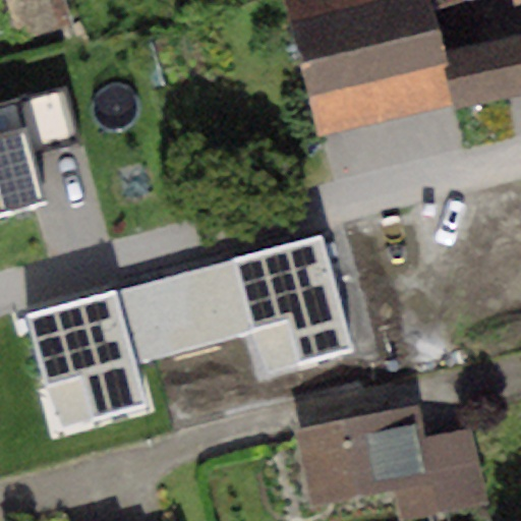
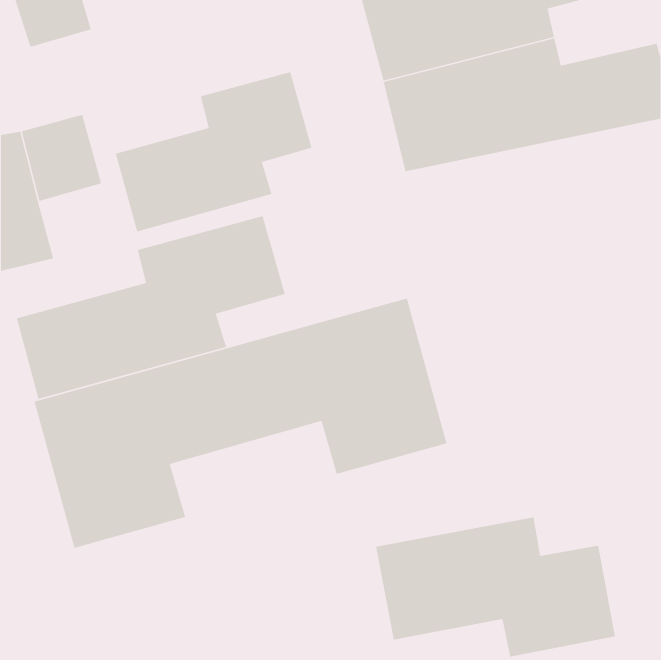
building: none -> [115,71,313,232]
building: none -> [16,215,286,400]

